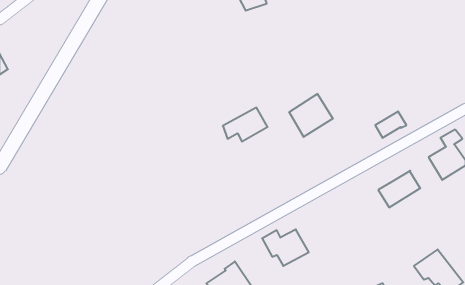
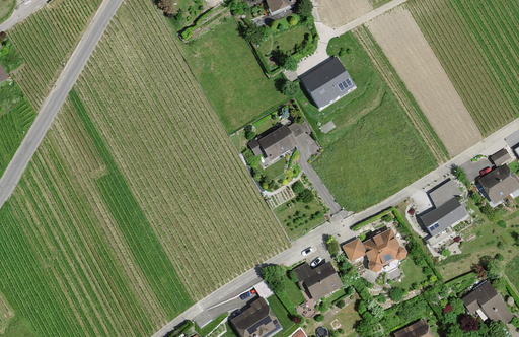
building: [289,94,333,137] -> [304,58,353,106]
building: [375,111,406,138] -> [428,176,462,205]
building: none -> [343,225,407,270]

